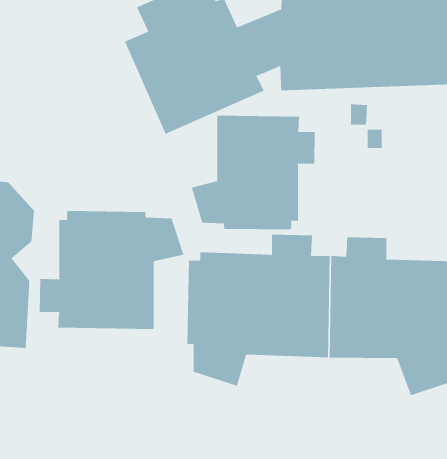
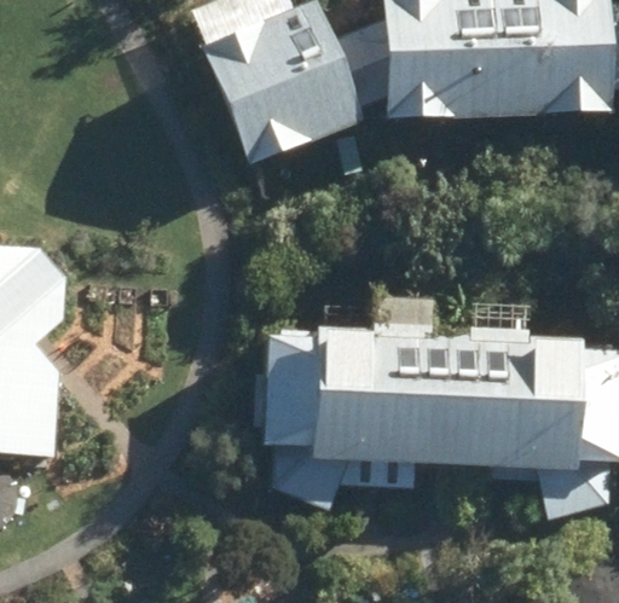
building: [191,115,315,230] -> none
building: [39,210,184,330] -> none

